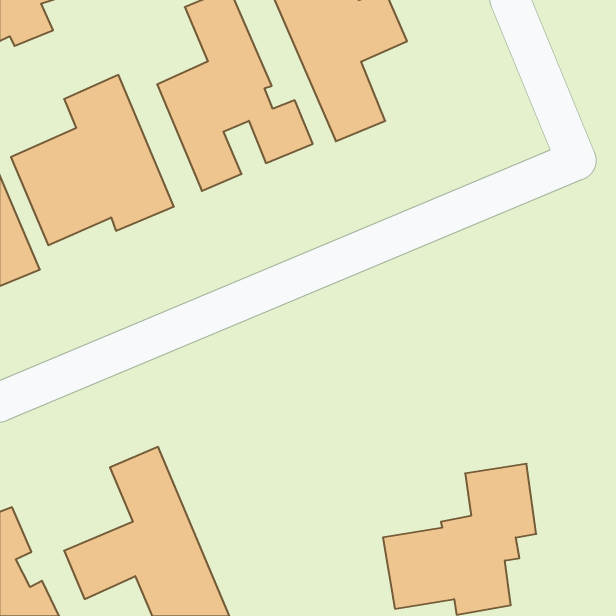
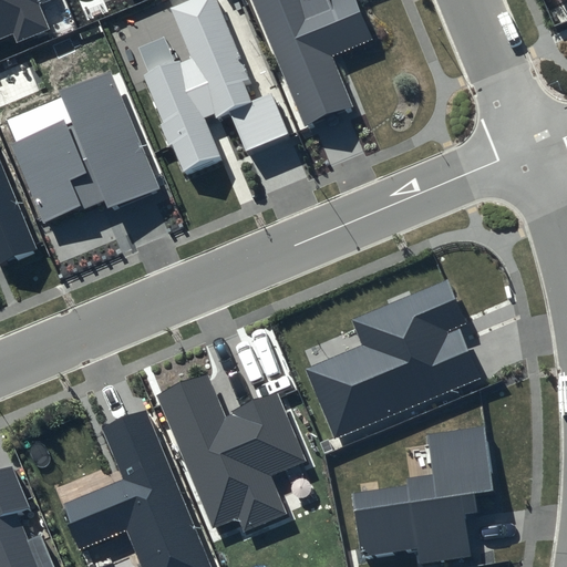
building: none -> [303,279,481,439]
building: none -> [155,373,306,530]

